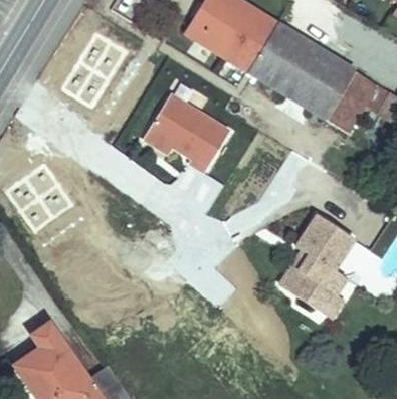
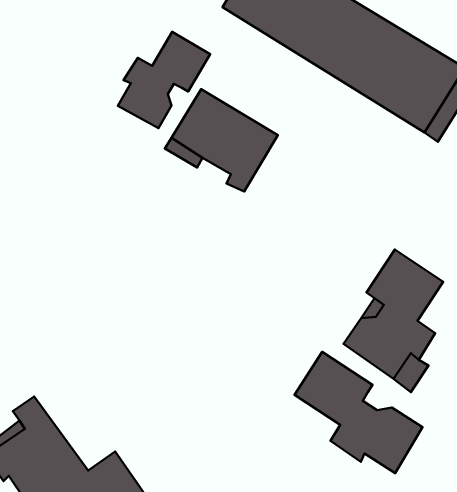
building: none -> [118,32,210,128]
building: none -> [294,352,423,473]

